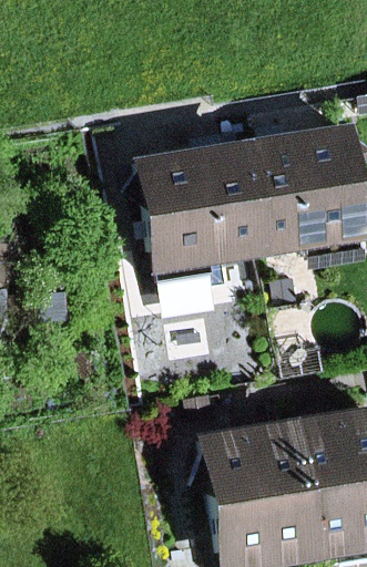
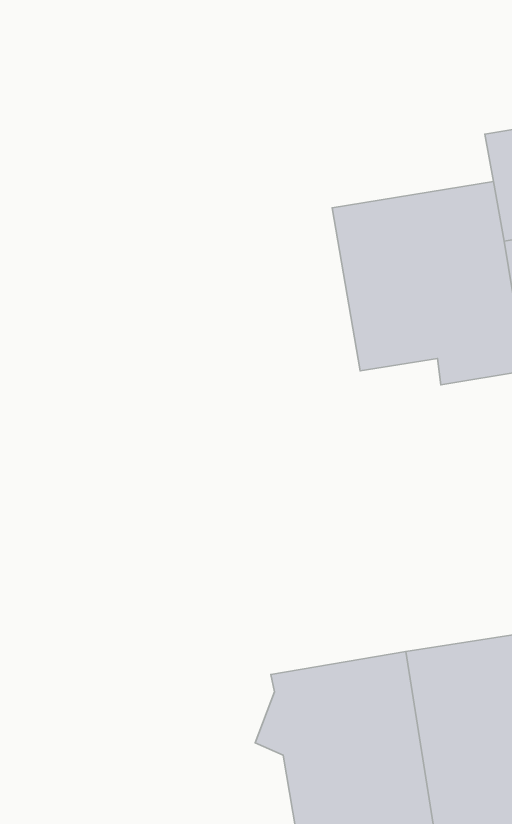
building: [126,143,258,289] -> none

